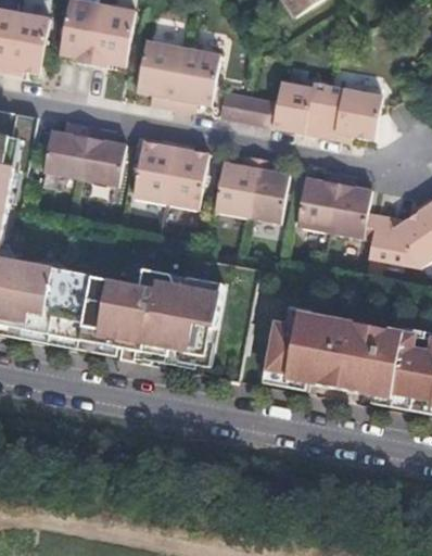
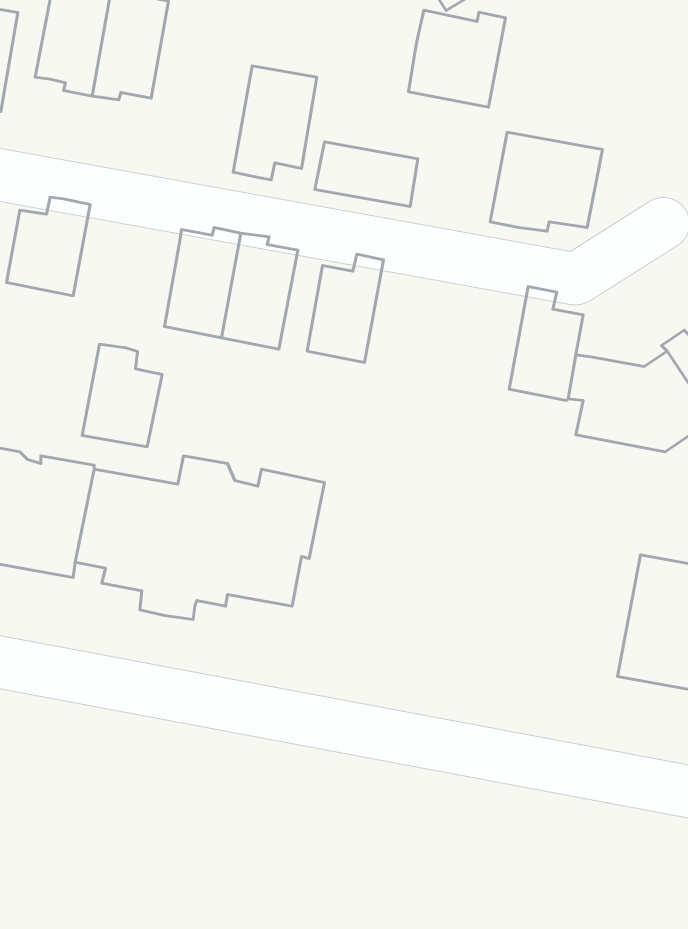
building: [136,40,182,109] -> none
building: [272,81,328,137] -> [409,10,506,107]
building: [80,127,126,186] -> [82,344,162,447]
building: [246,159,289,224] -> none
building: [296,170,340,232] -> none
building: [265,308,404,396] -> none

